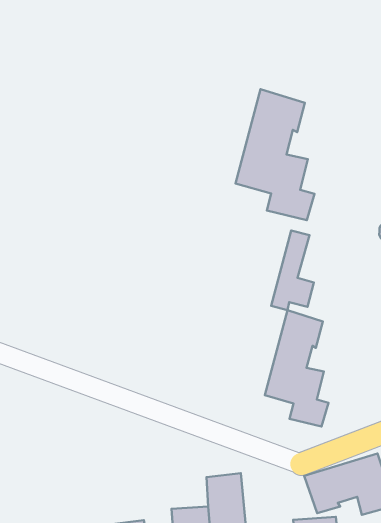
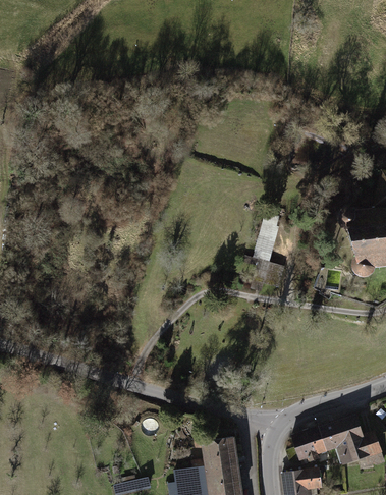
building: [235,89,315,220] -> none
building: [265,310,328,426] -> none

